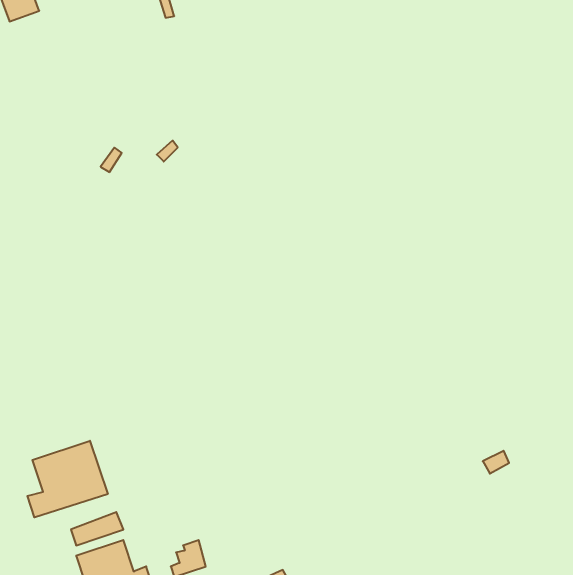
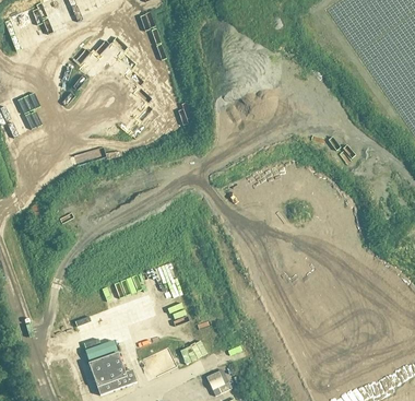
building: [27,441,108,517] -> none

